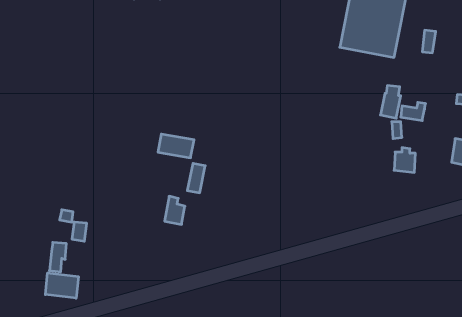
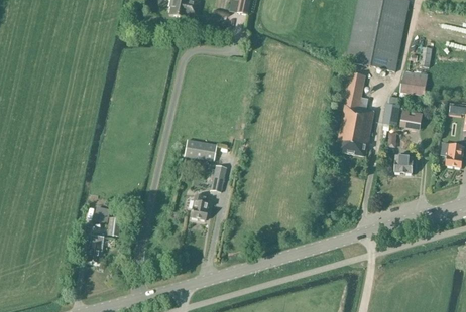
building: none -> [400,69,428,95]
building: none -> [336,72,374,156]
building: [45,273,78,298] -> none

